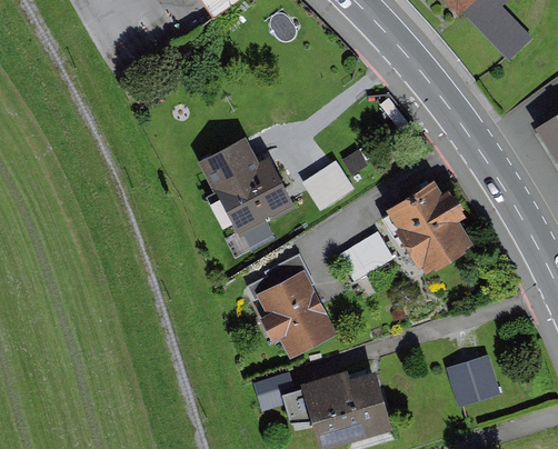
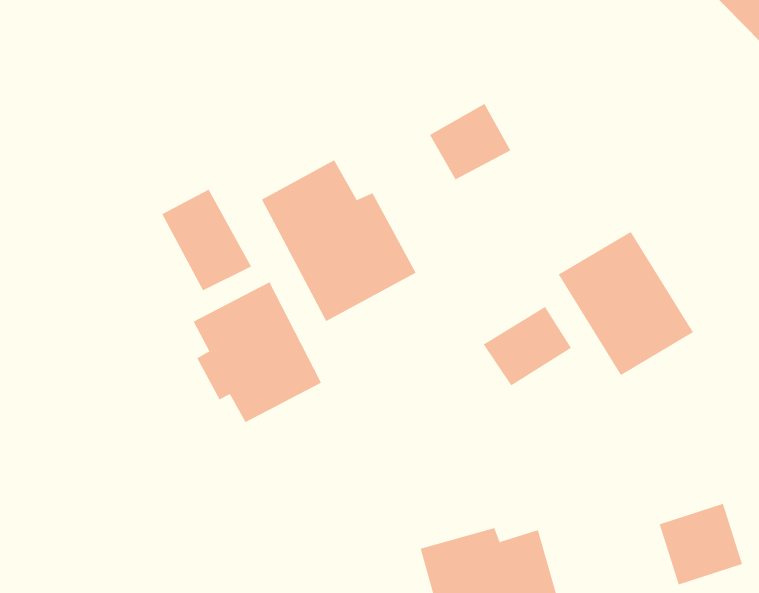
building: none -> [162,189,252,291]
building: [302,159,355,208] -> [429,103,511,180]
building: [257,269,339,359] -> [193,282,322,423]

